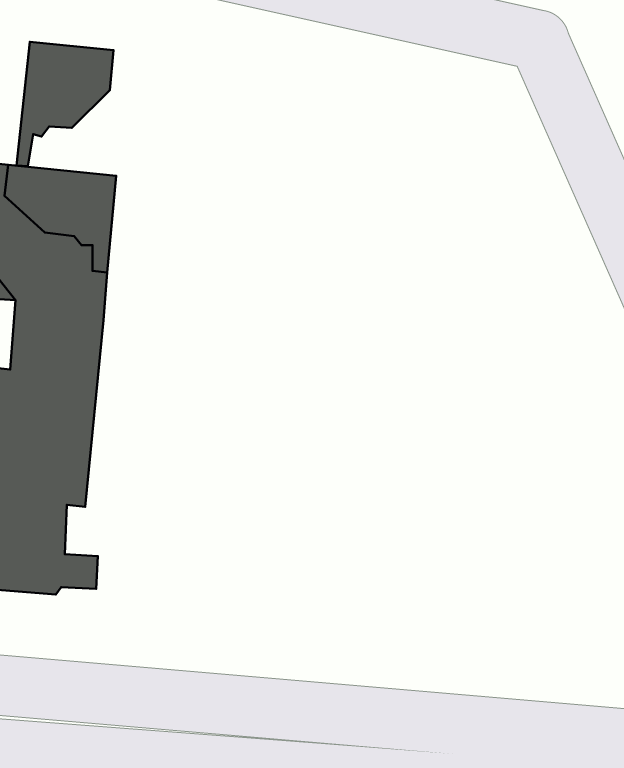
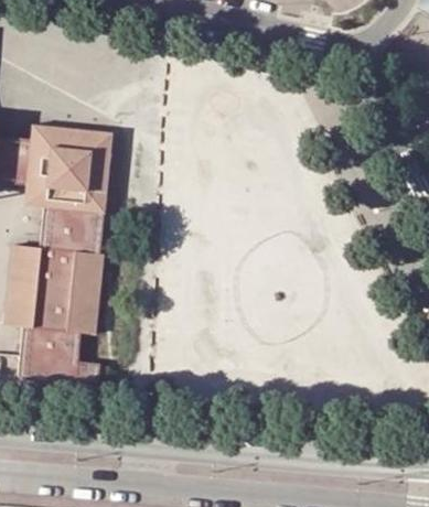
building: [17,42,114,166] -> none

